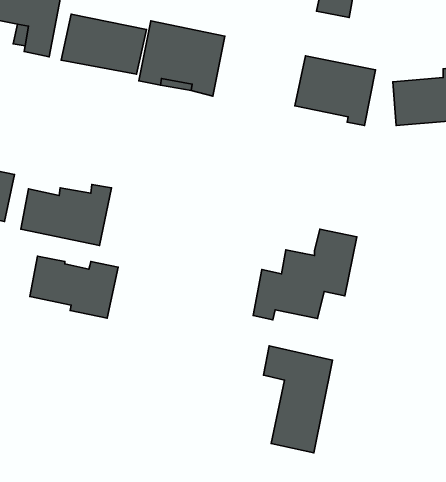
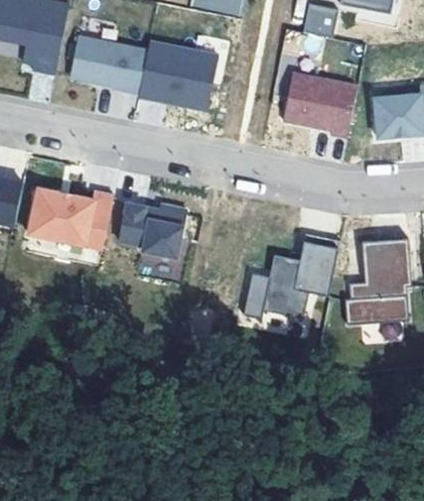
building: none -> [342,238,410,323]
building: [30,256,118,318] -> [119,203,200,260]
building: [263,346,333,453] -> none

